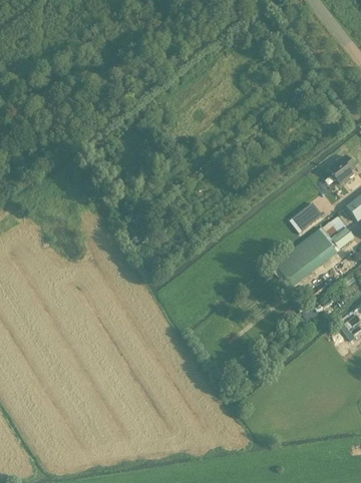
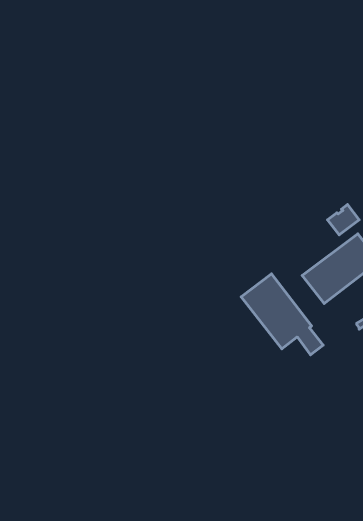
building: none -> [241,274,323,355]

